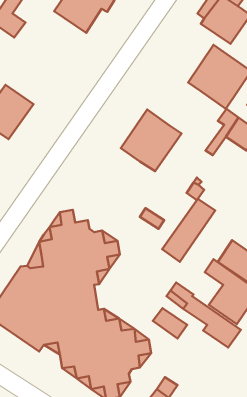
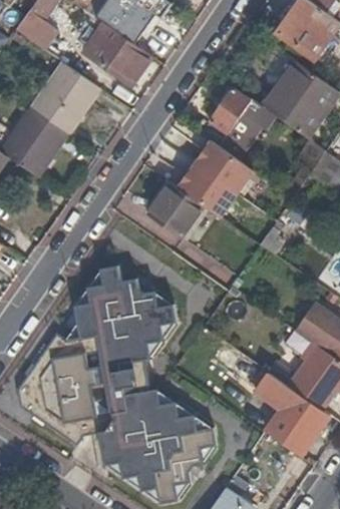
building: none -> [77,17,151,89]
building: none -> [33,64,99,133]
building: none -> [202,89,278,160]
building: none -> [146,182,202,237]
building: [162,199,215,262] -> none
building: [153,308,187,338] -> [269,417,312,455]

